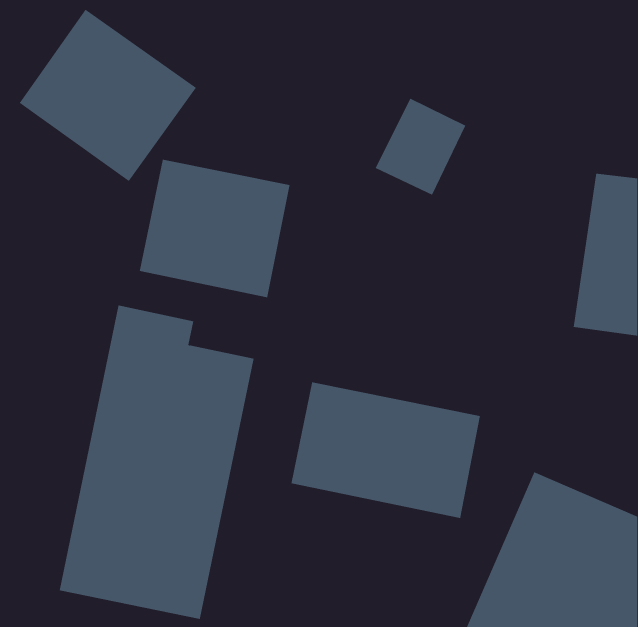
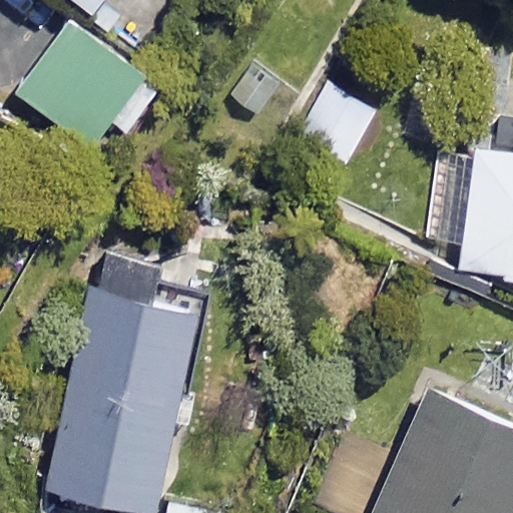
building: [139,159,290,298] -> none
building: [291,382,480,519] -> none

